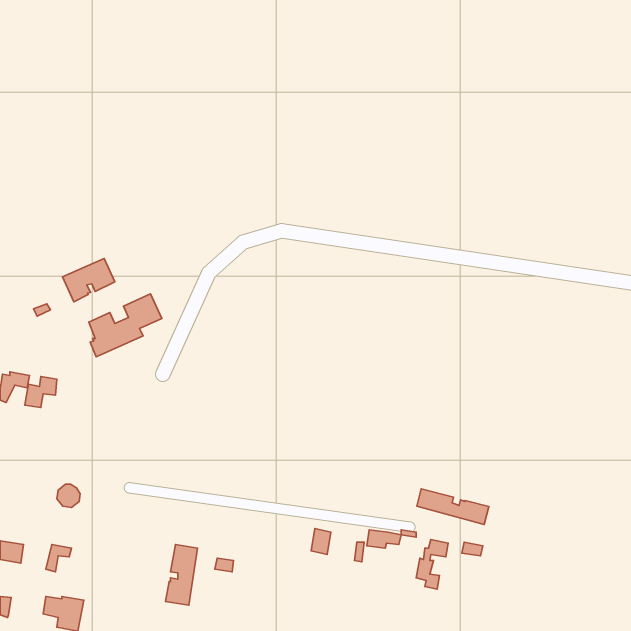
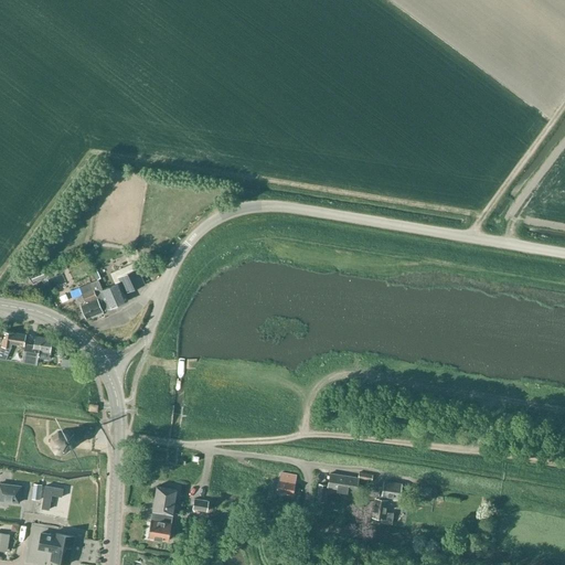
building: [63,259,115,302] -> none
building: [417,489,489,525] -> none

